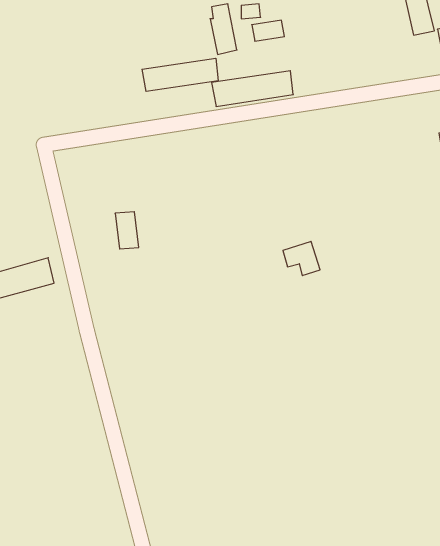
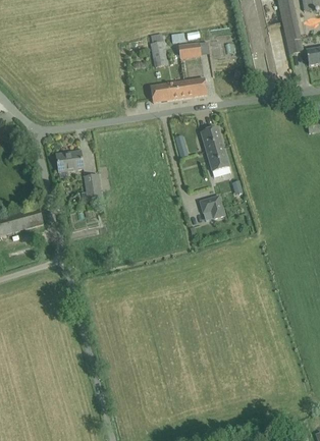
building: [142,58,218,91] -> none
building: none -> [200,126,228,170]
building: none -> [55,153,83,171]

